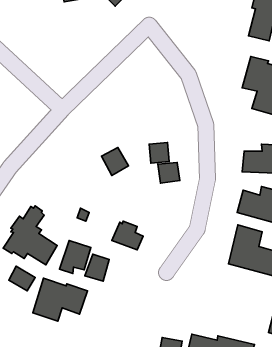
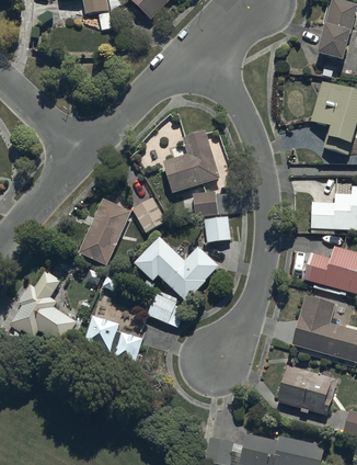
building: none -> [160,131,221,195]
building: none -> [78,197,129,264]
building: none -> [133,235,218,300]
building: [9,266,35,291] -> none
building: [33,278,87,321] -> none
building: none -> [276,364,336,412]

